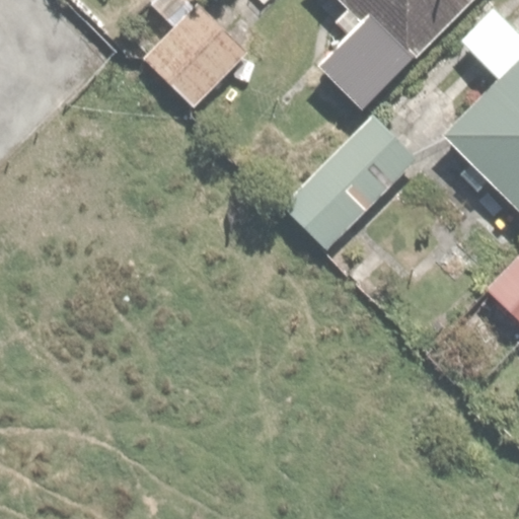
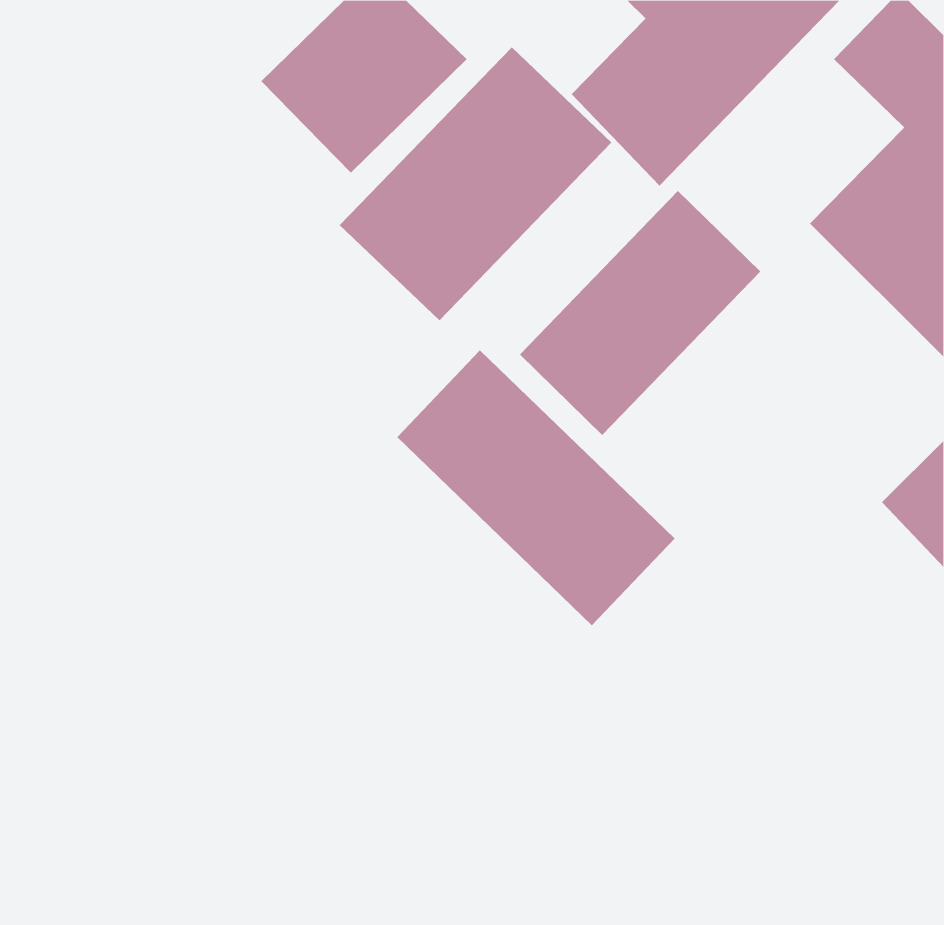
building: none -> [339,46,612,321]
building: none -> [396,349,676,626]

